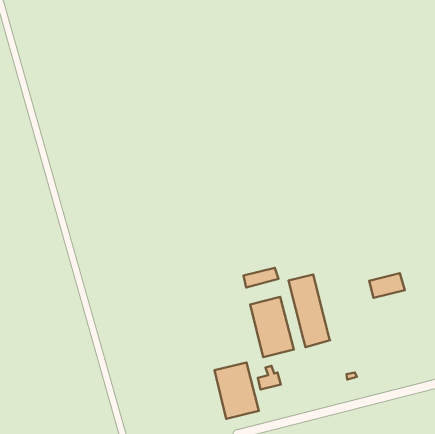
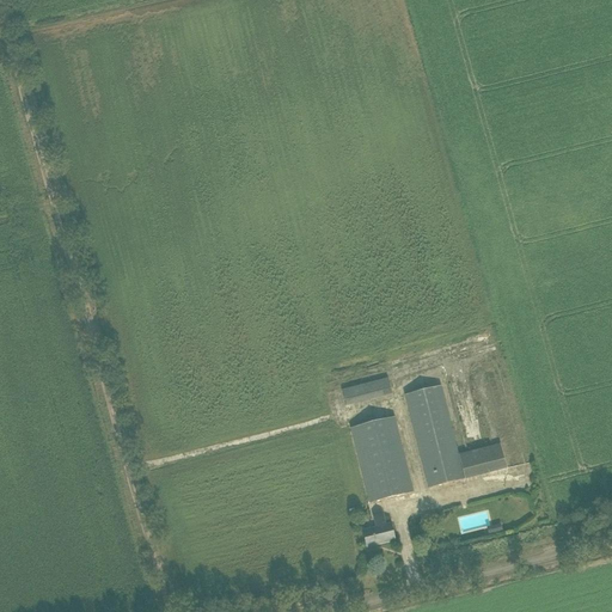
building: [369,273,405,298] -> [457,441,507,476]
building: [215,363,259,419] -> none

